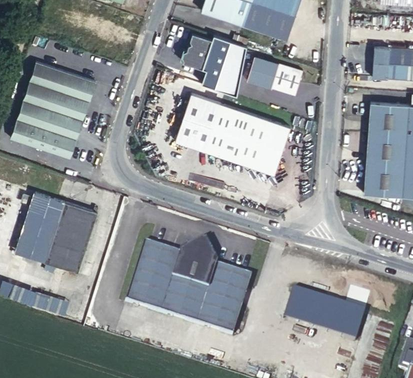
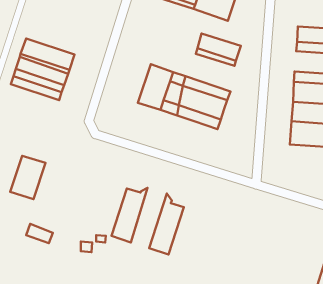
building: [183,33,246,95] -> none
building: [207,114,231,144] -> none
building: [10,118,77,158] -> none
building: [31,192,98,272] -> none
building: [166,241,211,322] -> none
building: [125,243,161,307] -> none
building: [213,271,251,336] -> none
building: [284,289,363,339] -> none

